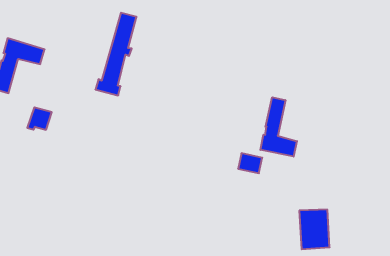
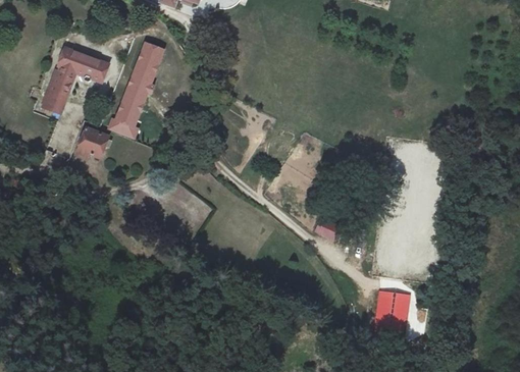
building: [95,13,137,95] -> [106,44,164,139]
building: [260,97,297,157] -> none

